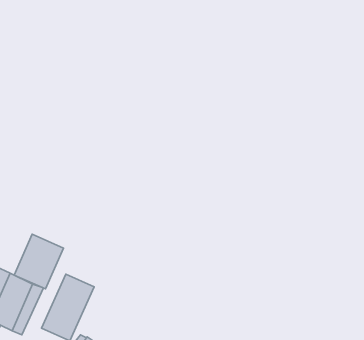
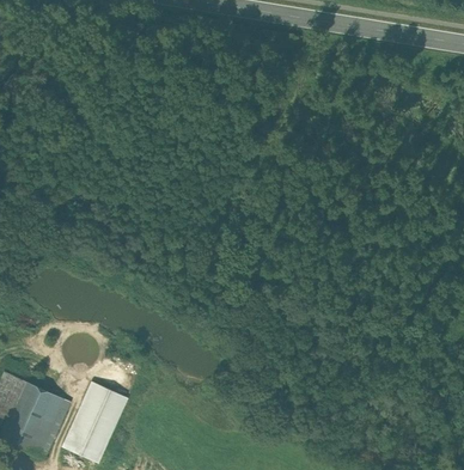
building: [14,234,63,289] -> none

